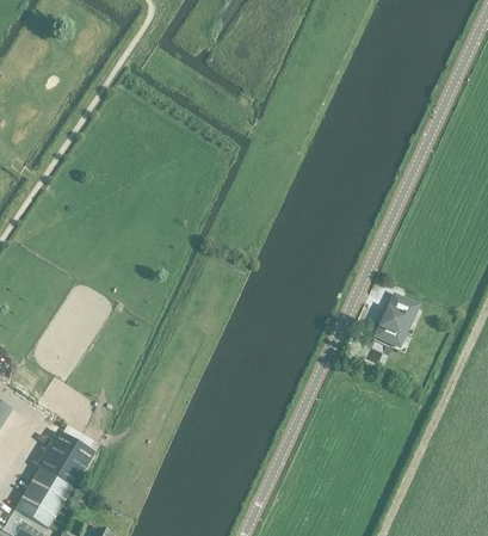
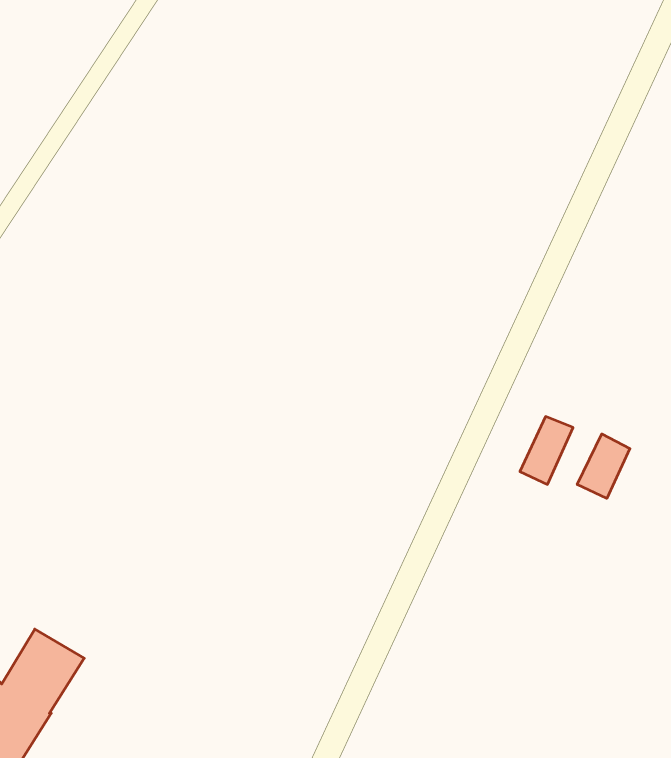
building: none -> [577,434,630,498]

